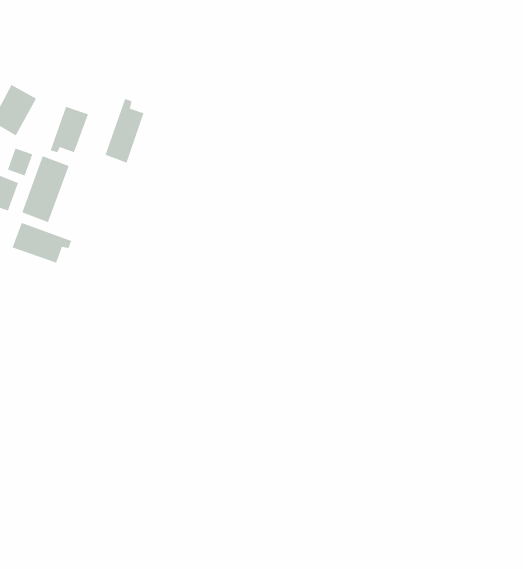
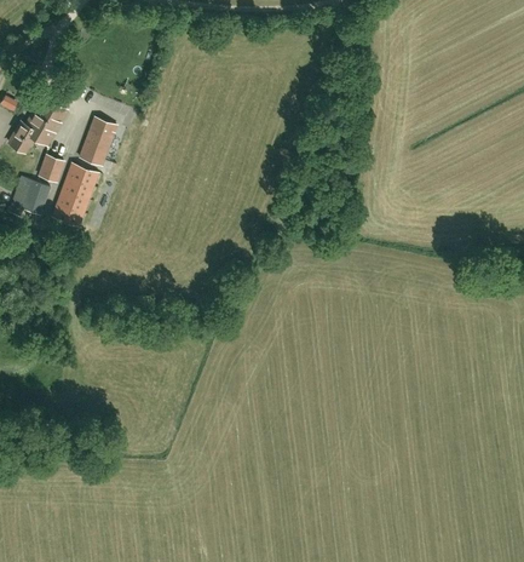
building: [105,98,144,163] -> none
building: [12,222,72,263] -> none

